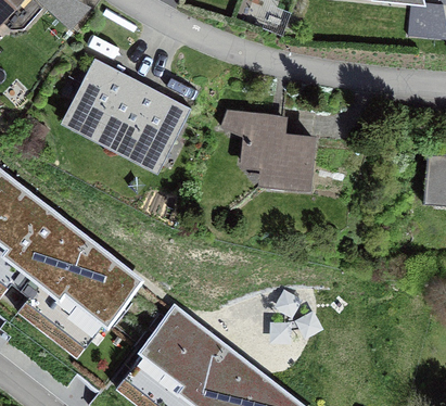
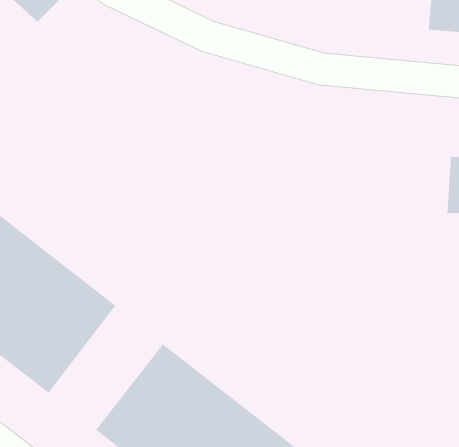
building: [60,55,190,165] -> none
building: [243,114,314,183] -> none

